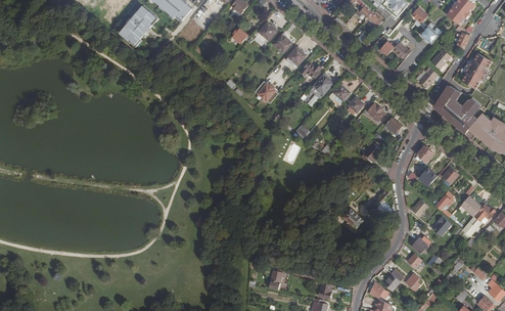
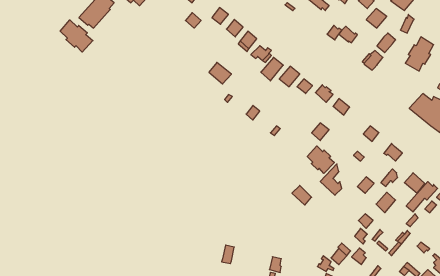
building: none -> [60,20,93,52]
building: [429,83,479,131] -> none
building: none -> [307,146,334,173]

